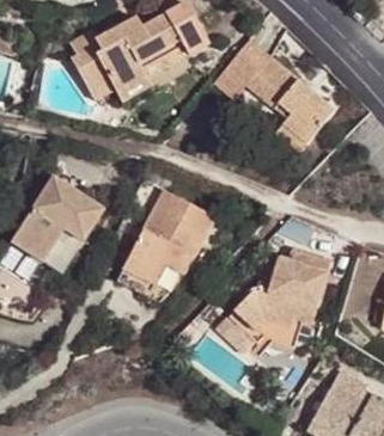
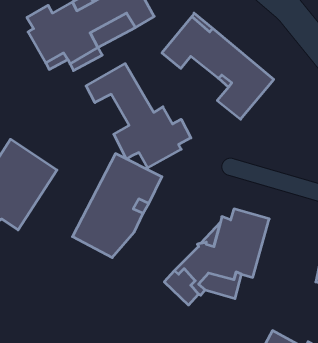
building: none -> [86,64,191,168]

